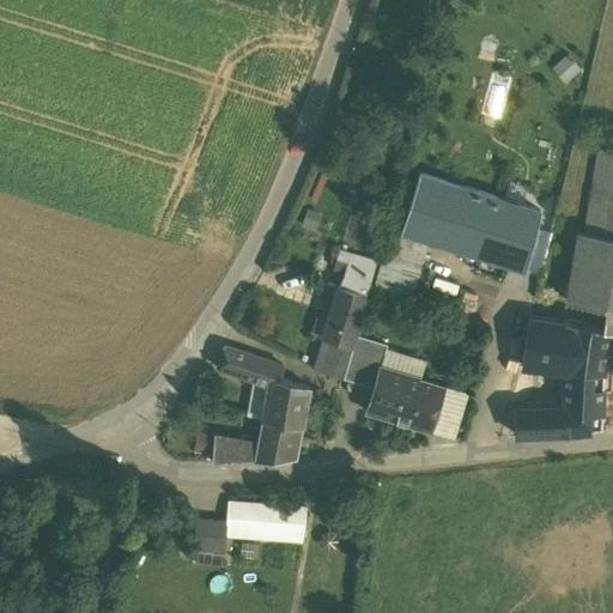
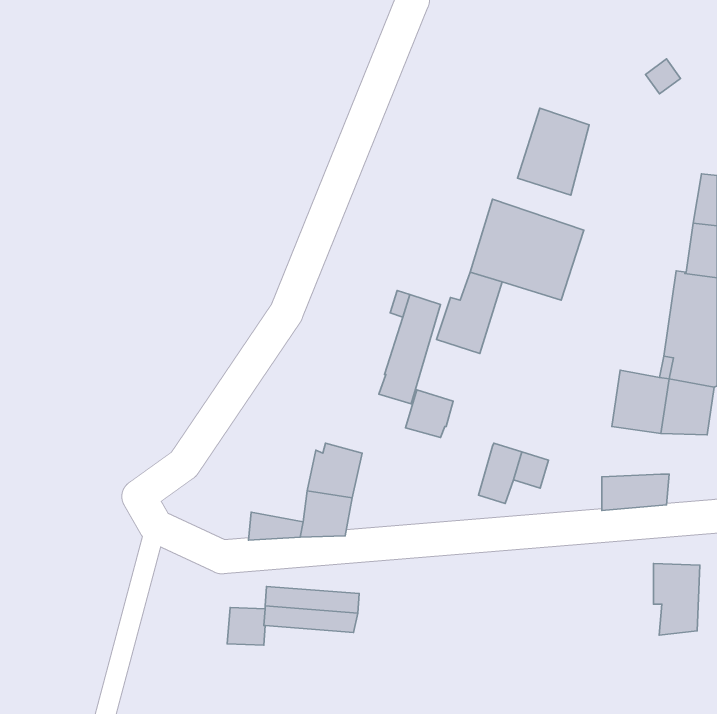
building: [479,199,540,273] -> [517,108,589,195]
building: [314,339,351,380] -> none
building: [218,348,281,389] -> none
building: [365,366,420,425] -> none
building: [564,372,603,433] -> [654,564,700,635]

